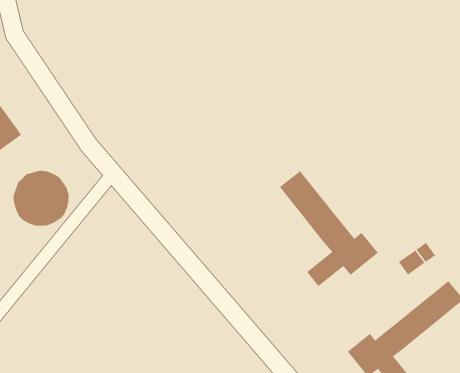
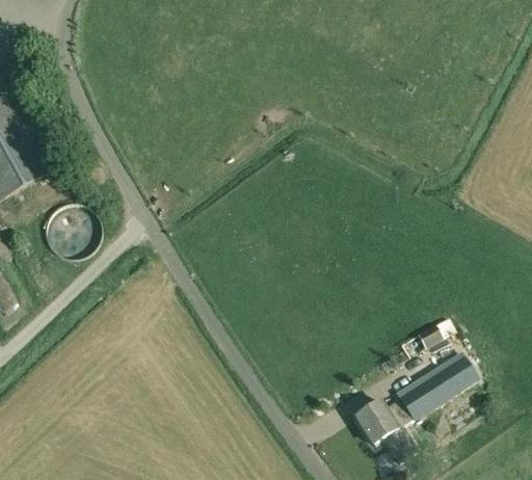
building: [279,170,379,287] -> none

